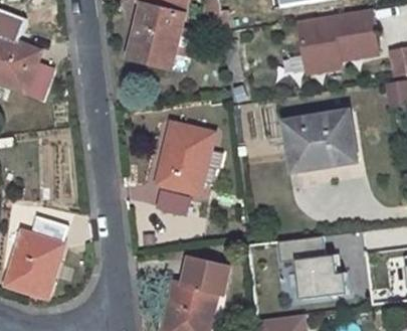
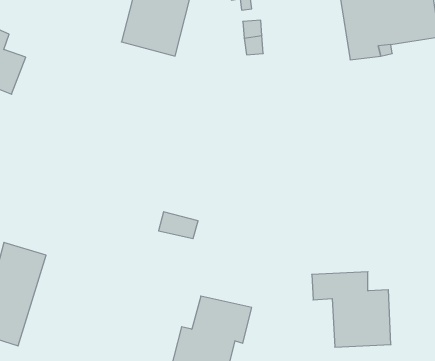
building: [285,113,357,168] -> none
building: [157,125,213,192] -> none

